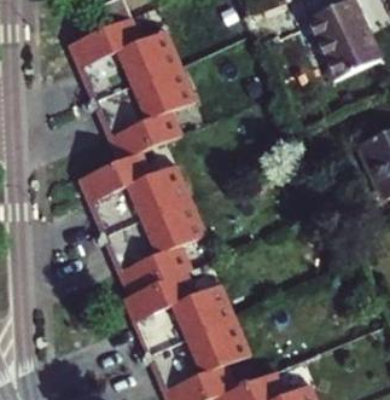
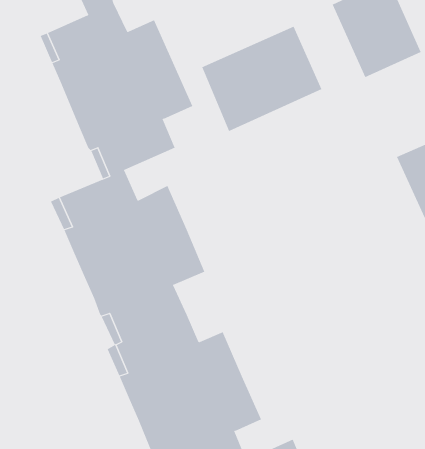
building: none -> [202,26,322,132]

